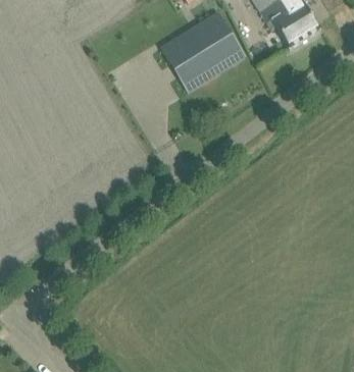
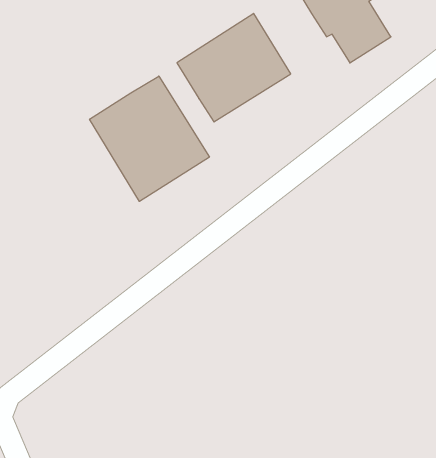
building: none -> [90,76,209,201]

